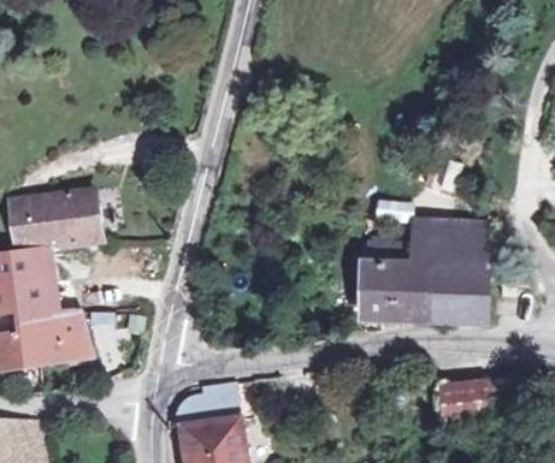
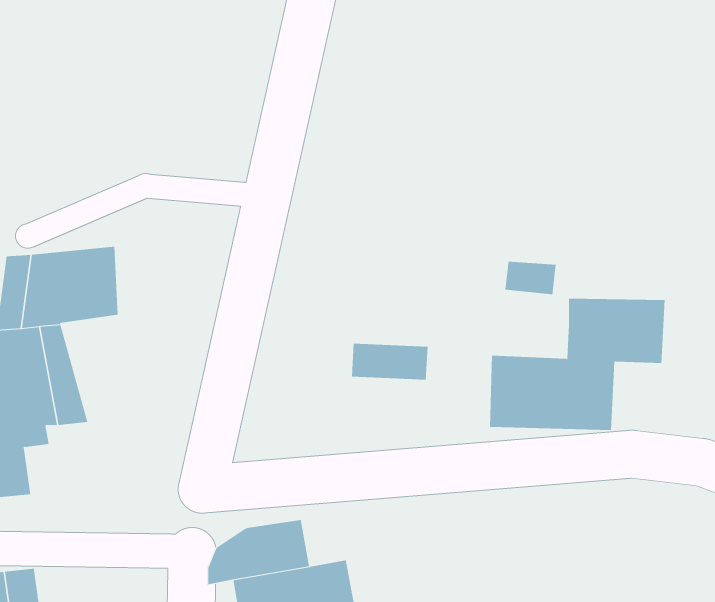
building: [365,243,420,269] -> [351,343,428,380]
building: [451,272,488,322] -> none
building: [30,315,89,367] -> none
building: [436,381,486,423] -> none

